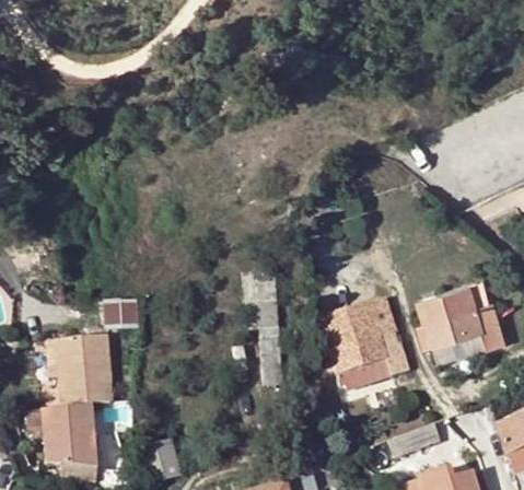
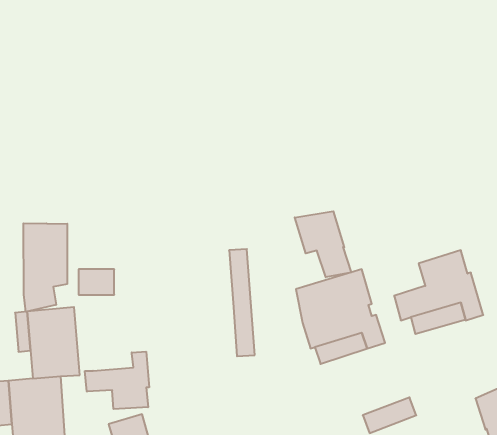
building: none -> [295,211,351,277]
building: none -> [23,223,67,312]
building: none -> [85,352,149,409]

